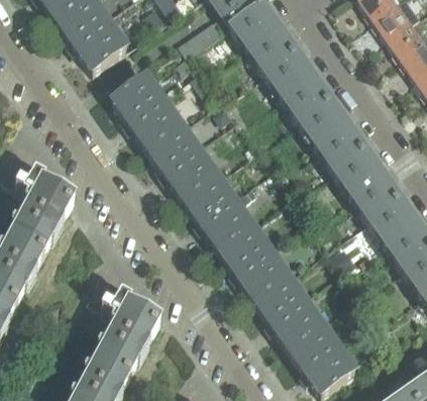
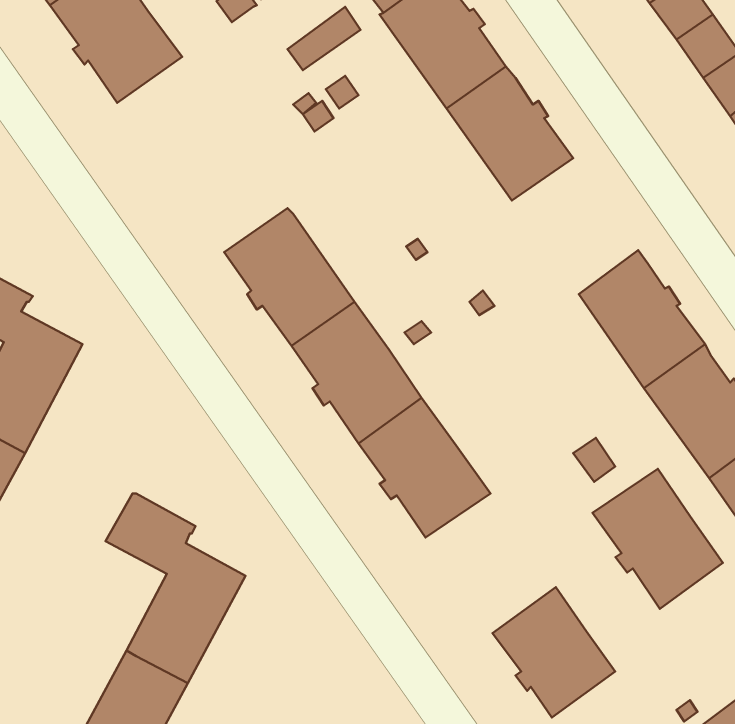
building: [111,70,181,145] -> none
building: [299,96,365,168] -> none
building: [253,273,322,346] -> [593,469,723,609]

